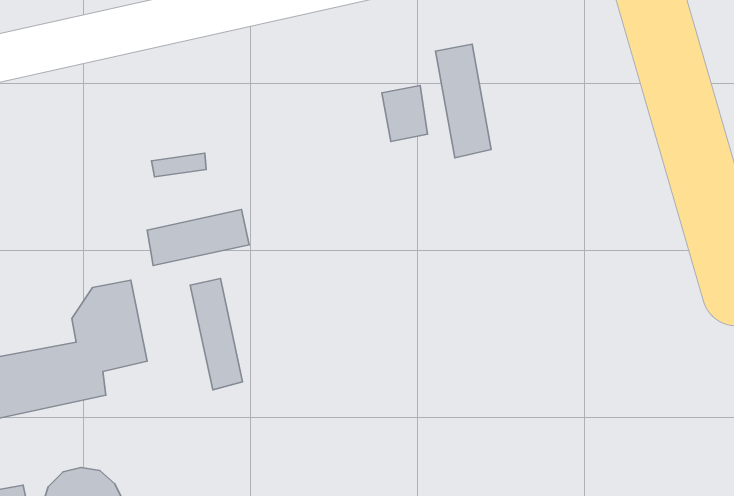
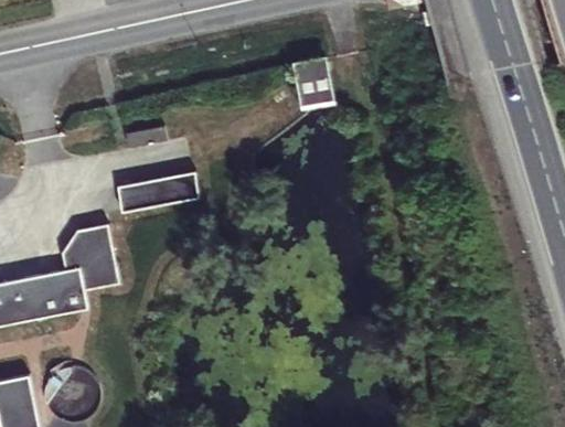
building: [436,44,491,158] -> none
building: [190,278,242,390] -> none

